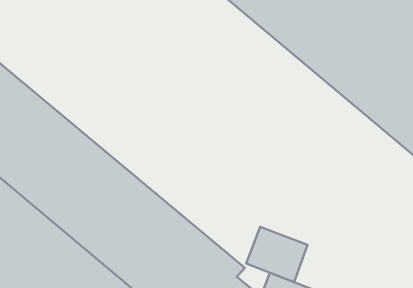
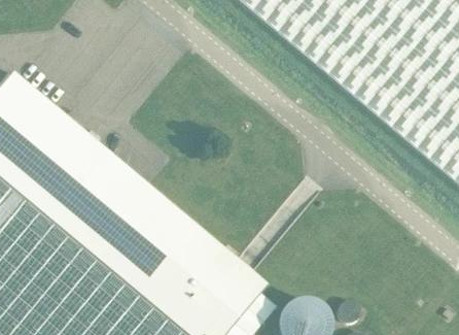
building: [246,227,307,282] -> none

